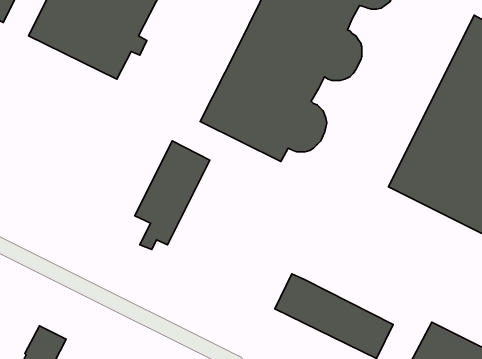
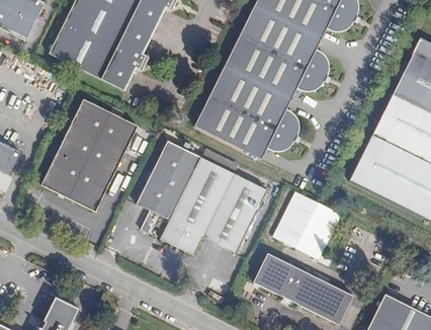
building: none -> [41,99,139,212]
building: none -> [161,158,267,255]
building: none -> [272,191,341,260]

